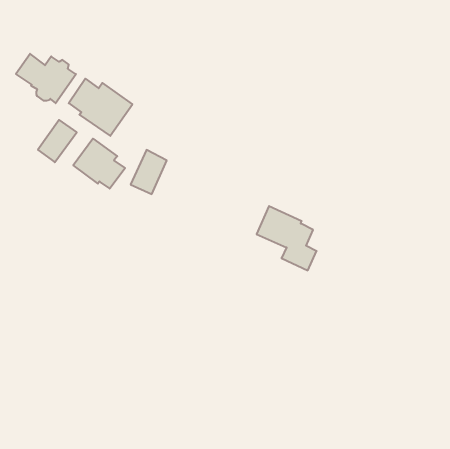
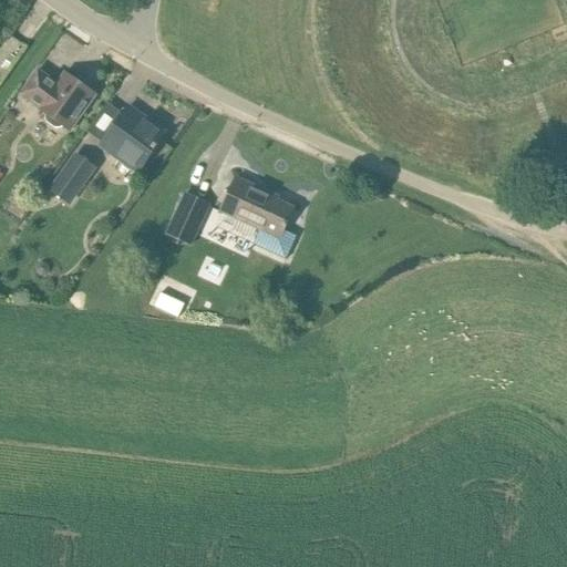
building: [73,139,125,189] -> none
building: [257,206,317,270] -> [220,177,296,258]

